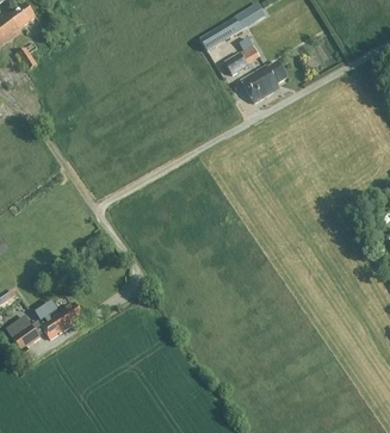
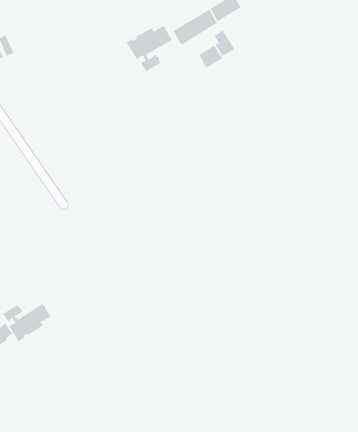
building: none -> [126,25,173,72]
building: [240,61,286,101] -> none

